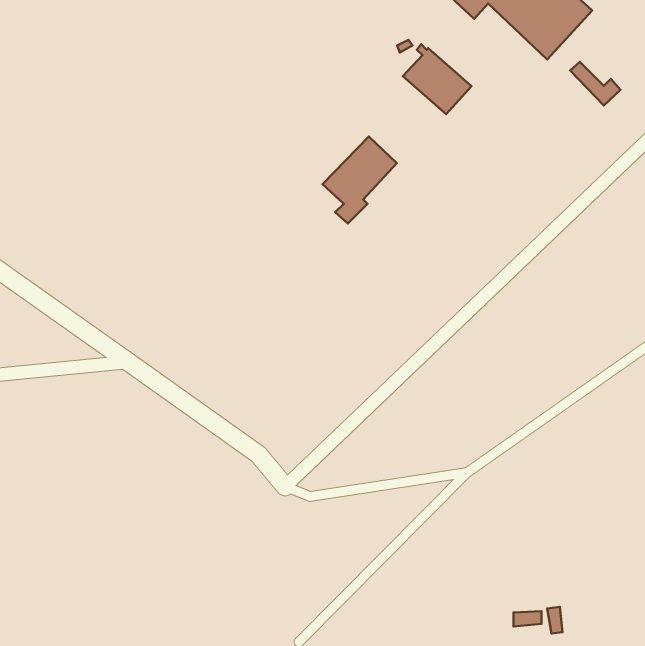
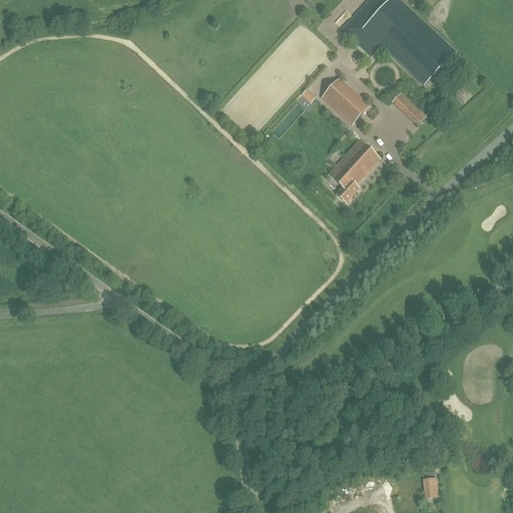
building: [570,62,621,105] -> [393,92,429,123]
building: [323,137,397,223] -> [328,139,381,201]

